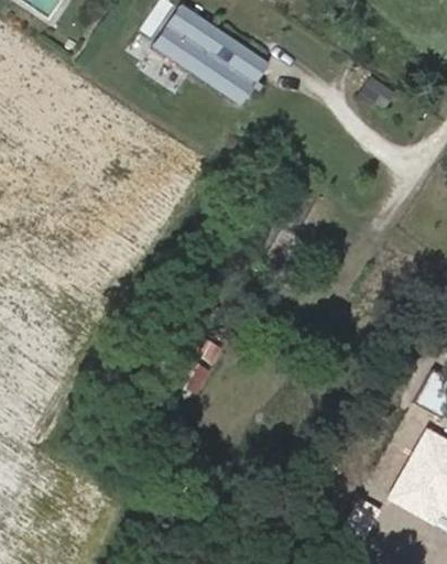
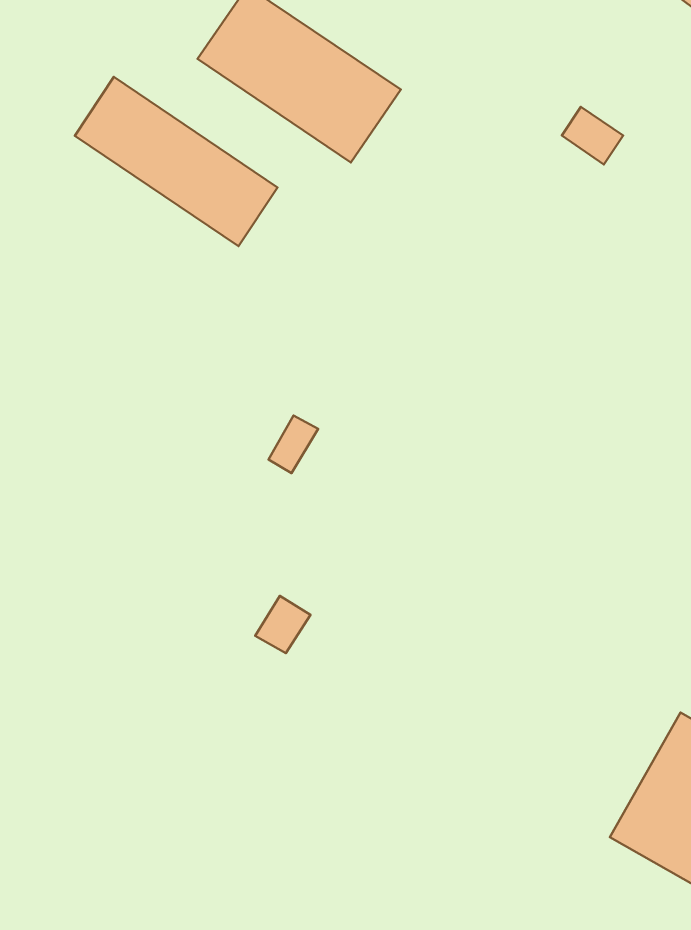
building: none -> [75,77,278,246]

